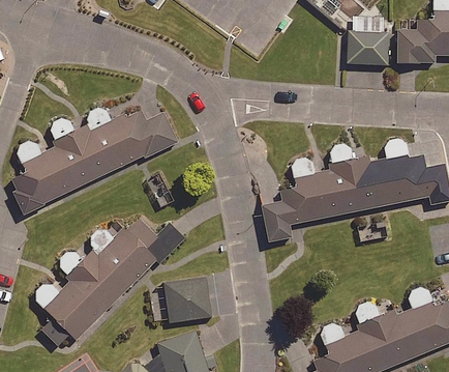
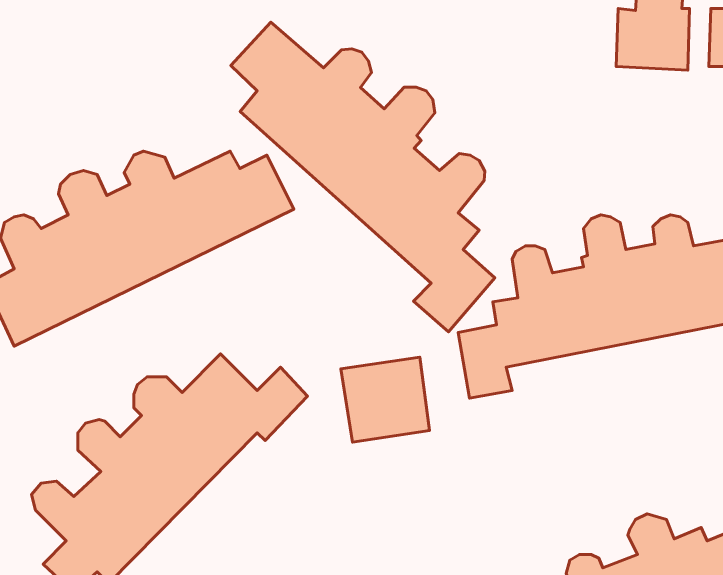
building: none -> [231,22,495,332]
building: [164,277,212,322] -> [341,357,430,442]

